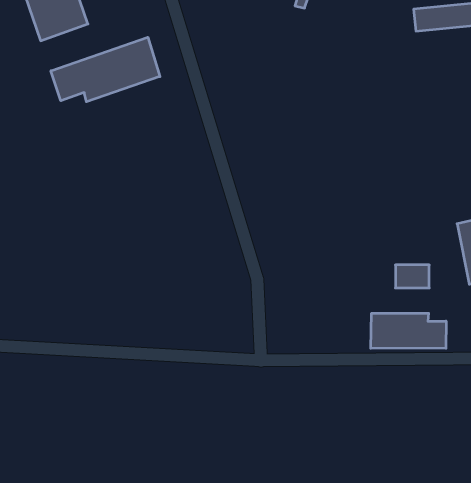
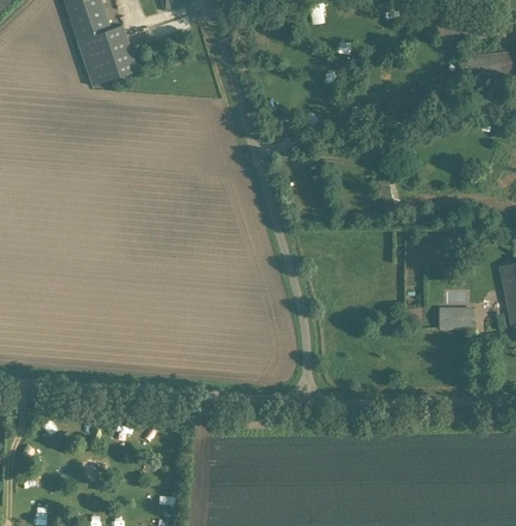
building: [51,37,160,102] -> none
building: [371,313,446,348] -> none

